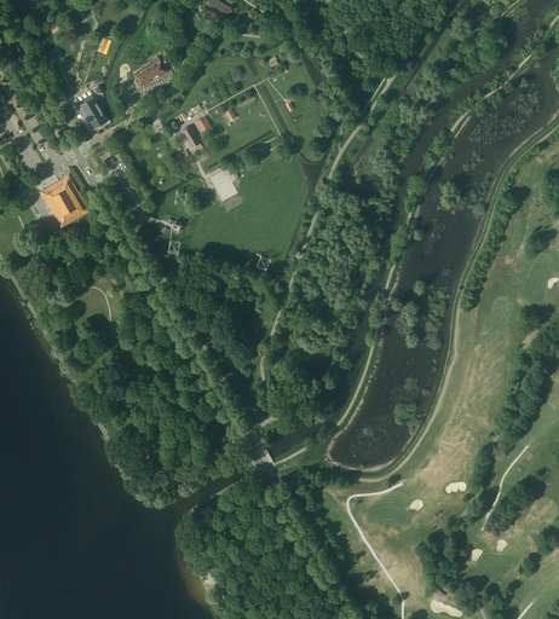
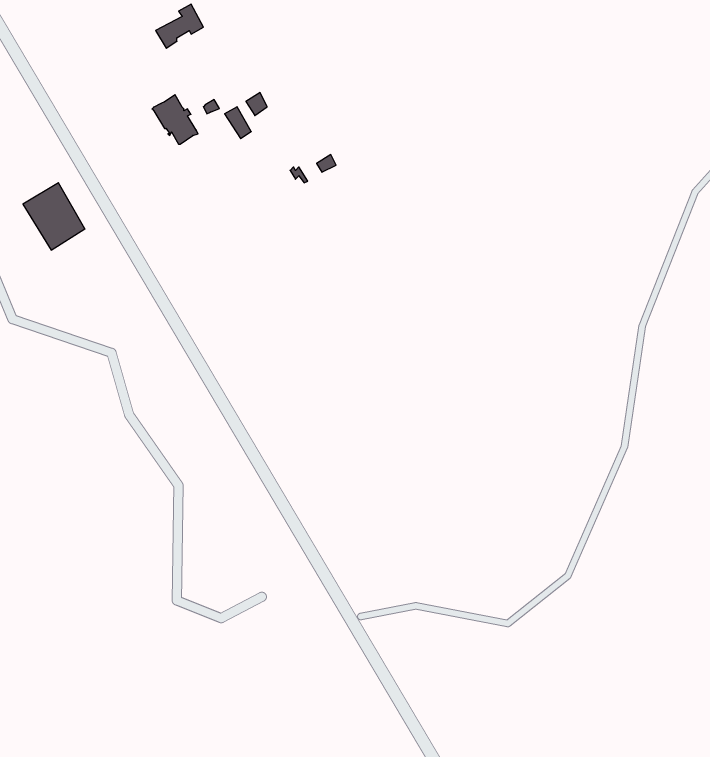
building: [75,96,106,129] -> [152,95,198,144]

